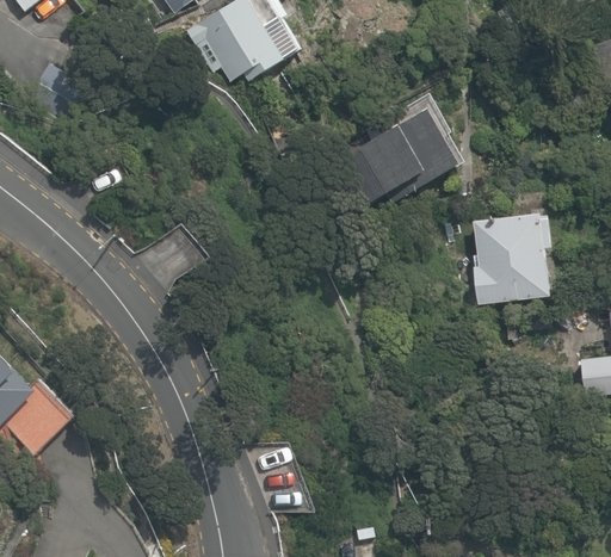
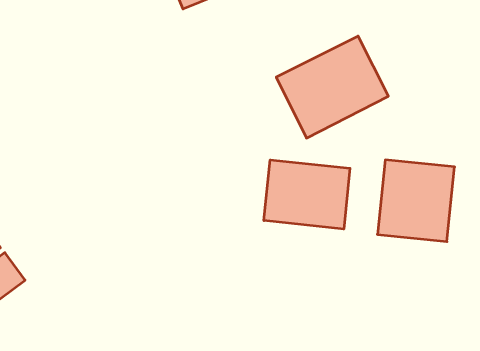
building: none -> [264,160,350,229]

